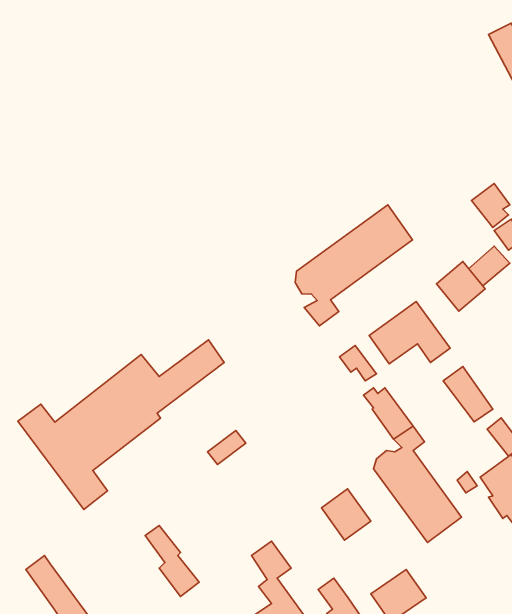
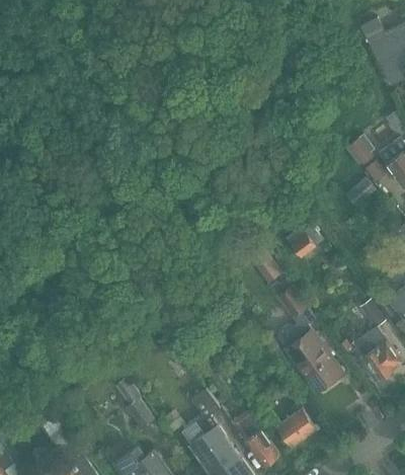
building: [295,205,413,326] -> none
building: [436,262,485,311] -> none
building: [18,340,224,509] -> none
building: [321,489,371,540] -> none

